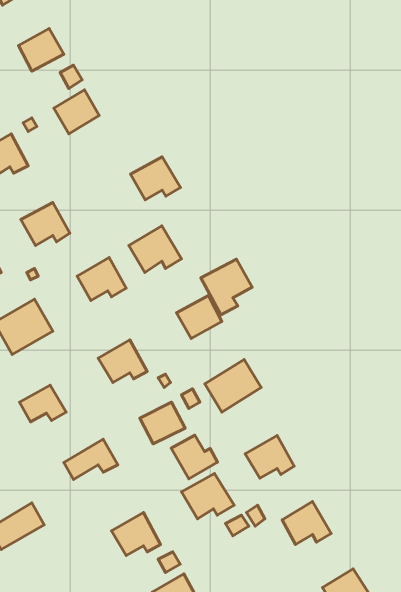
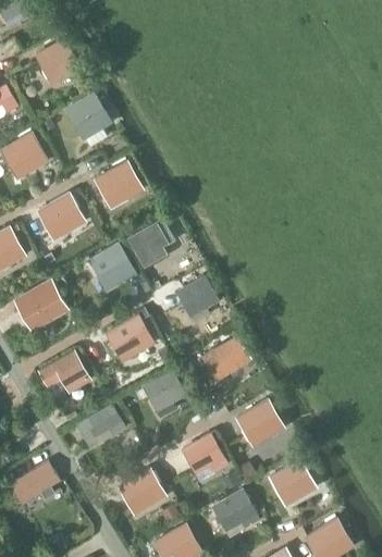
building: [130,157,181,200] -> [96,164,140,202]
building: [201,259,252,315] -> none
building: [171,435,217,479] -> none
building: none -> [213,492,259,532]

